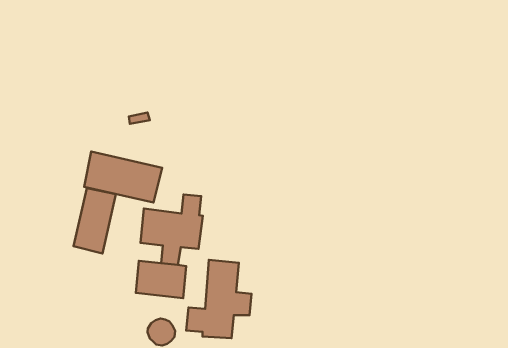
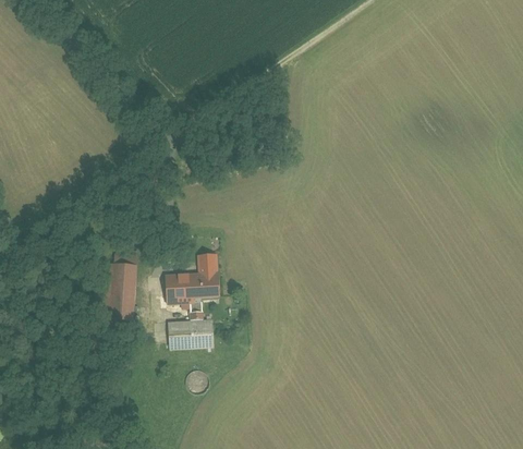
building: [84,152,162,203] -> none
building: [186,260,252,338] -> none

